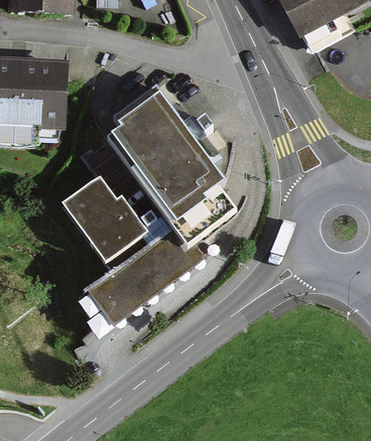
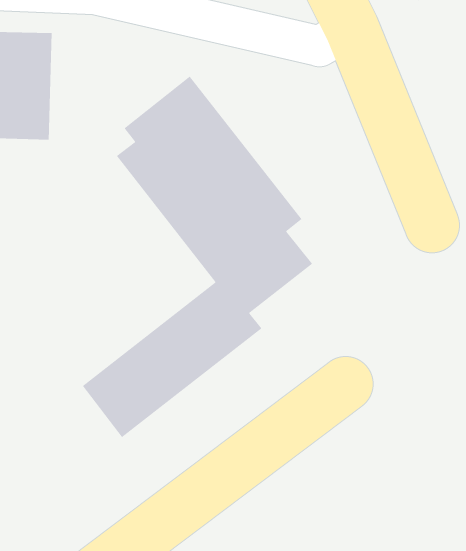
building: [60,175,147,262] -> none

